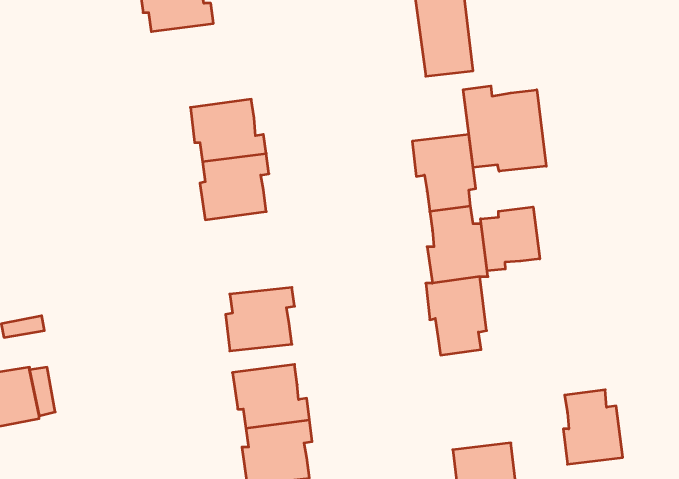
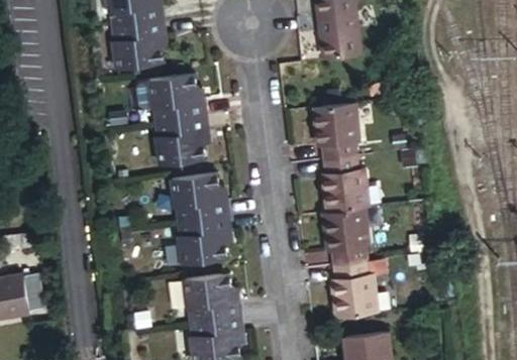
building: none -> [116,18,167,68]
building: [463,86,546,171] -> none
building: [481,207,540,271] -> none
building: none -> [166,173,223,220]
building: [563,390,623,464] -> [333,261,378,317]

